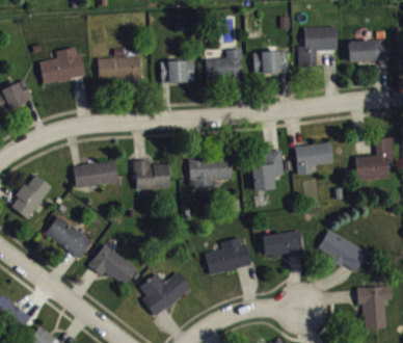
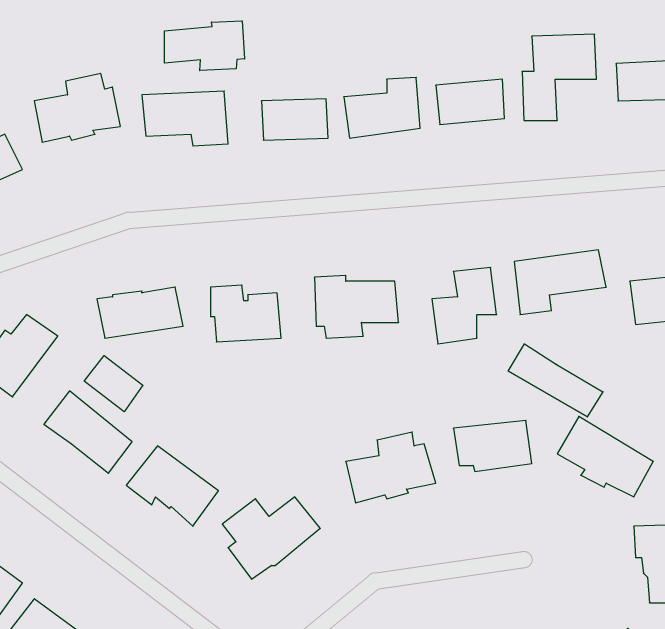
building: none -> [164,21,245,71]
building: none -> [508,344,603,417]
building: none -> [84,356,143,412]

